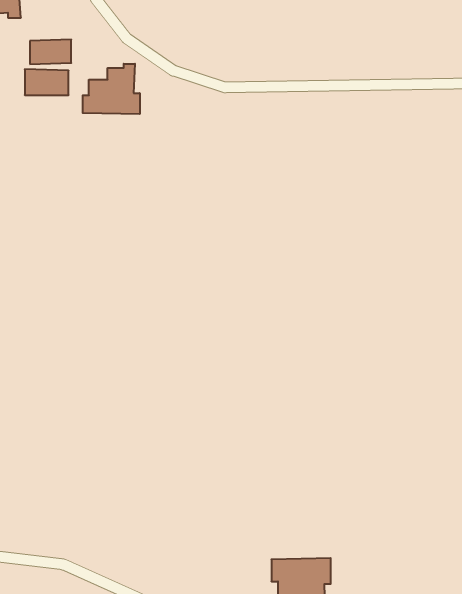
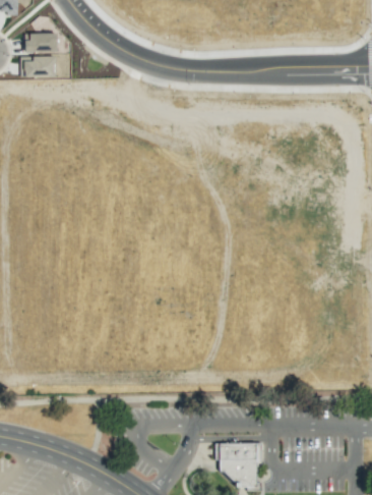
building: [83,64,140,114] -> none

